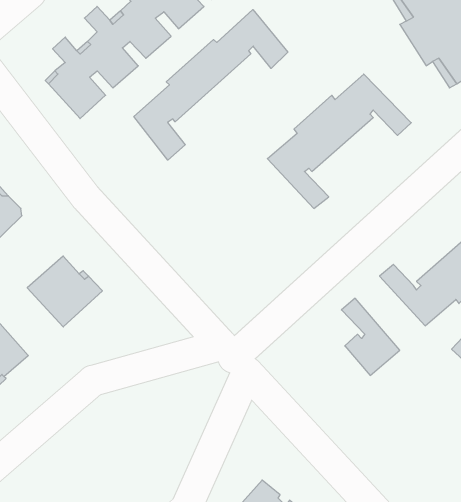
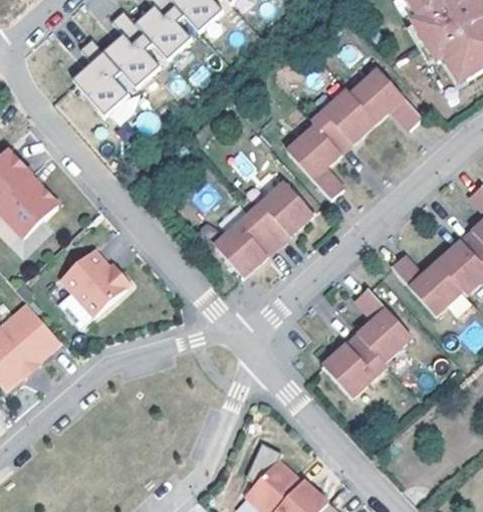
building: [134,10,288,160] -> none
building: none -> [214,184,314,276]
building: none -> [323,331,387,395]

